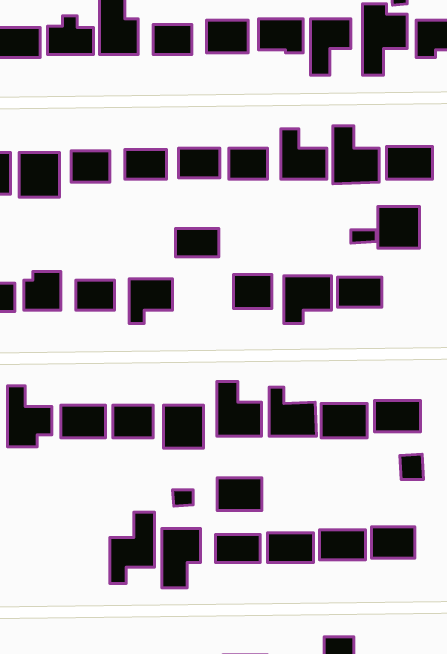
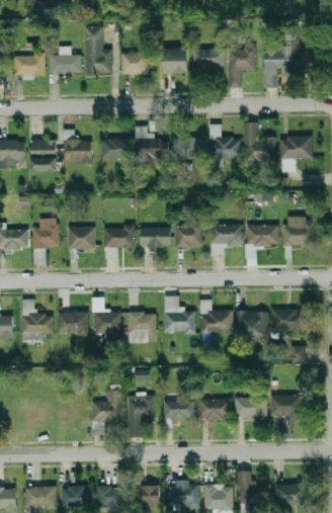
building: [378,206,420,248] -> [283,217,312,245]
building: [176,228,219,257] -> [141,228,170,247]
building: [217,478,262,510] -> none

